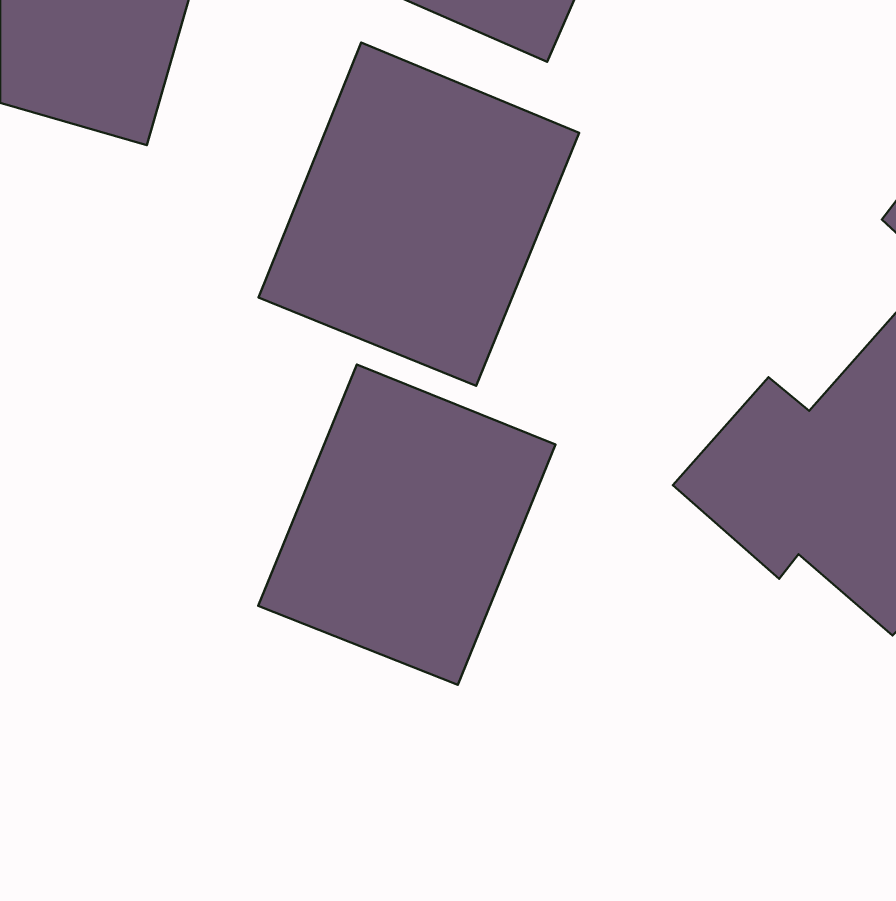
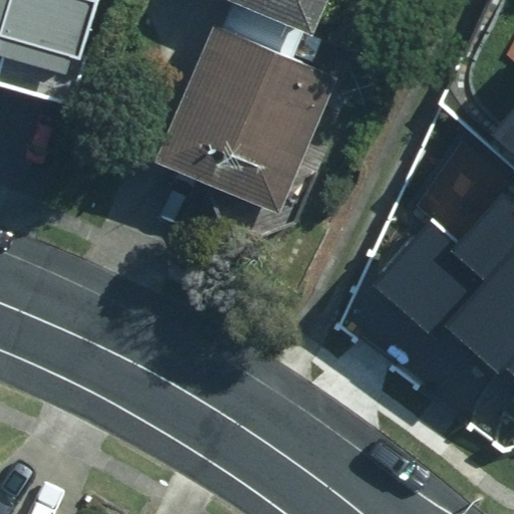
building: [258,364,555,685] -> none

